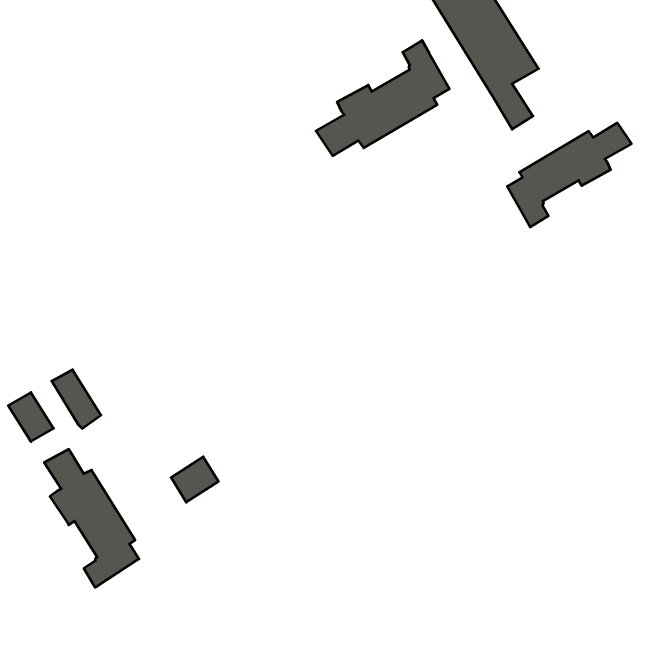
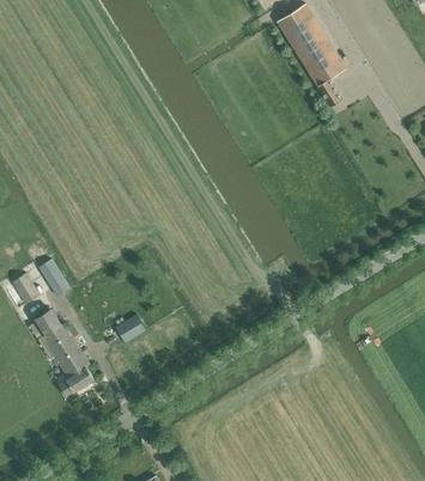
building: [316,40,449,156] -> none
building: [507,123,631,227] -> none

